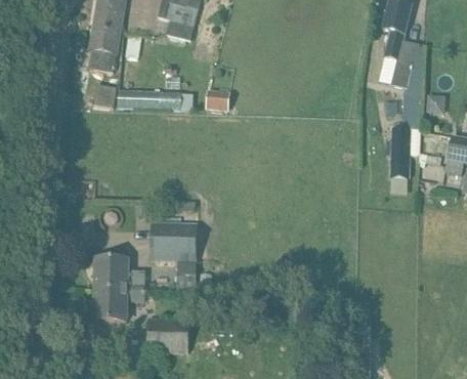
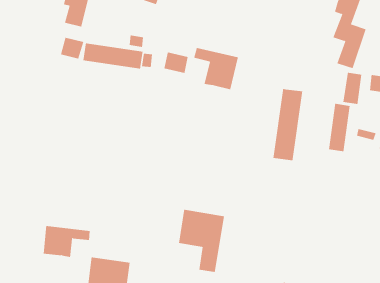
building: none -> [194,47,239,90]
building: none -> [273,88,303,161]
building: [151,221,198,286] -> [178,209,225,272]
building: [94,258,144,290] -> none

